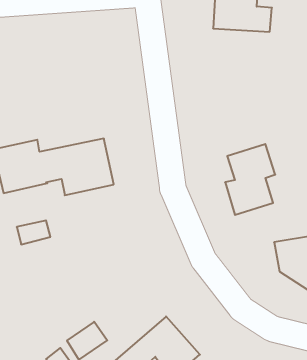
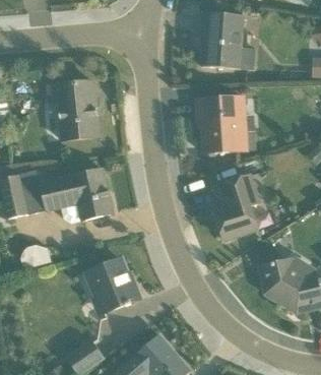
building: none -> [48,79,99,140]
building: none -> [198,97,256,152]
building: none -> [84,257,143,313]

